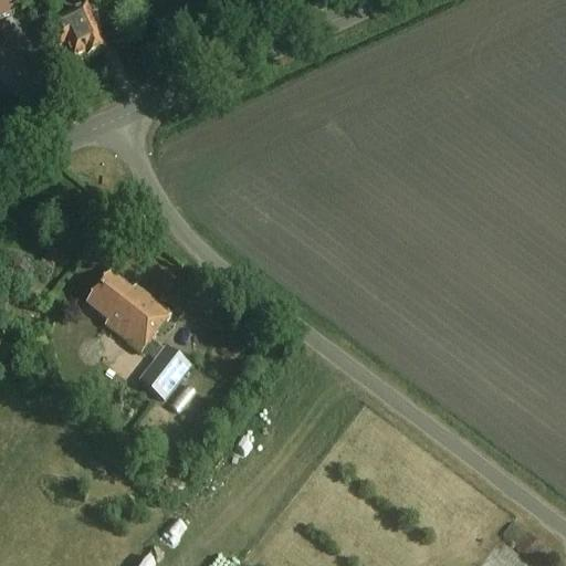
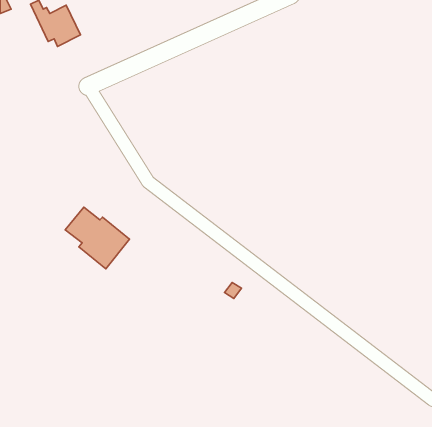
building: [138,340,191,396] -> none

